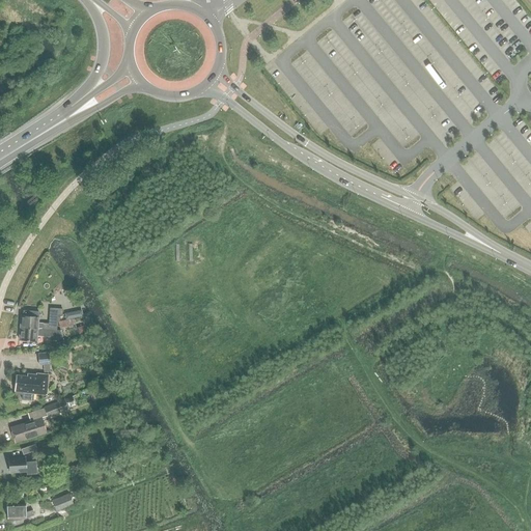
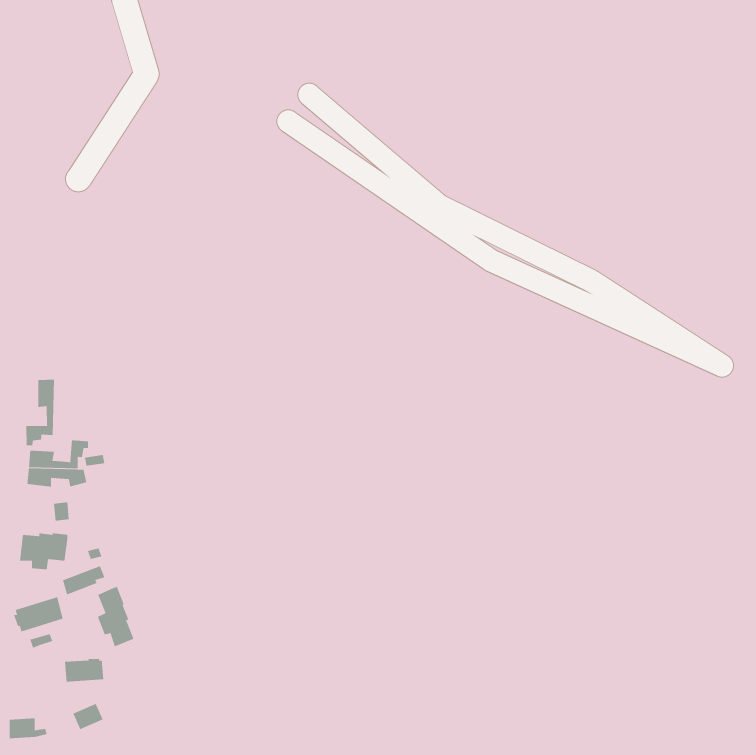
building: none -> [26,379,55,446]
building: none -> [97,586,134,647]
building: [8,455,36,472] -> [64,659,104,682]

